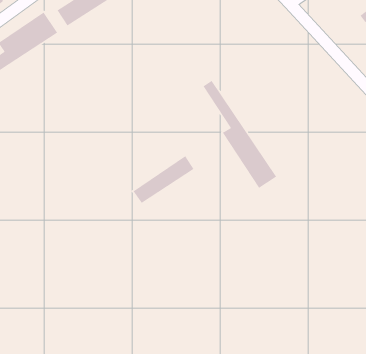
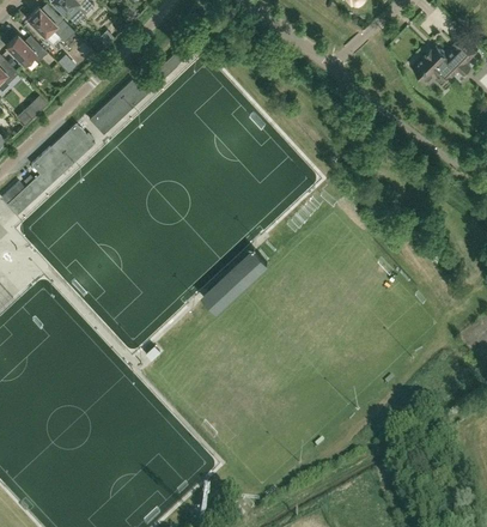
building: [203,80,277,189] -> none

